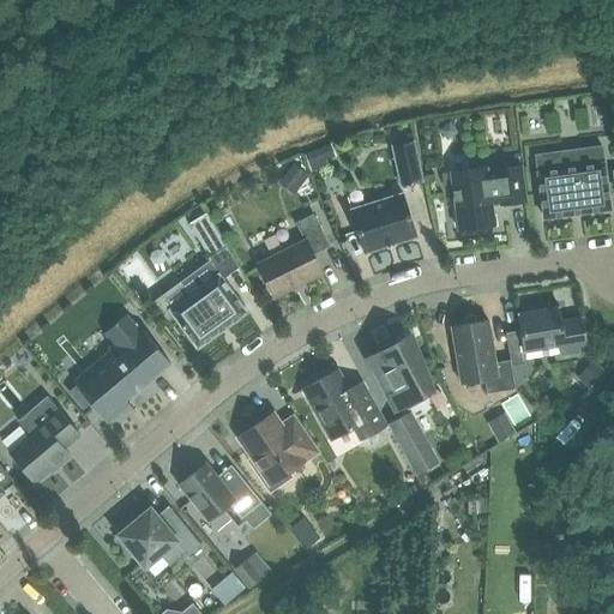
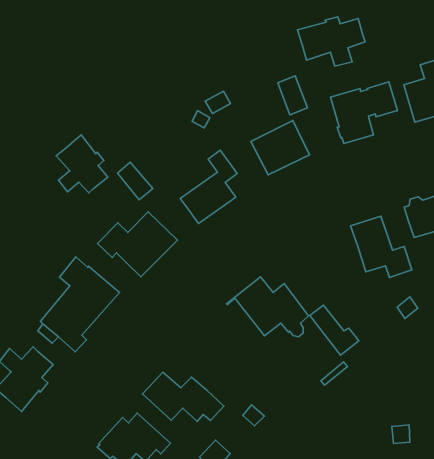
building: none -> [297,17,365,66]
building: none -> [56,135,108,193]
building: [372,341,427,407] -> none
building: [237,416,317,483] -> none

